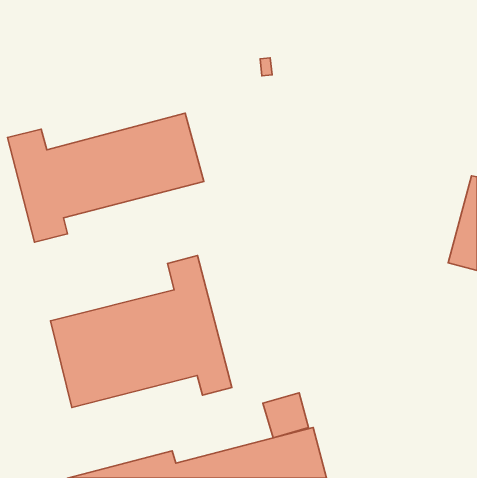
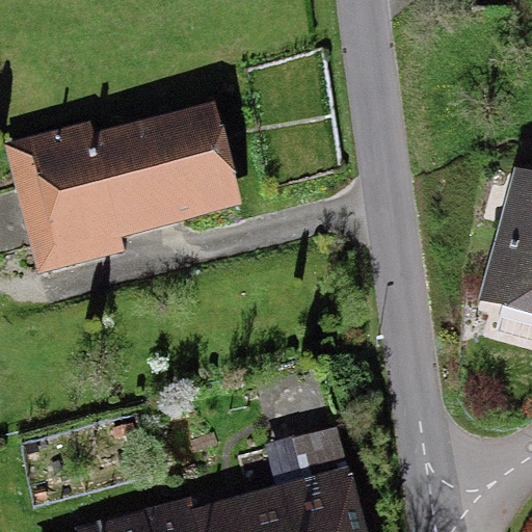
building: [50,256,232,408] -> none

